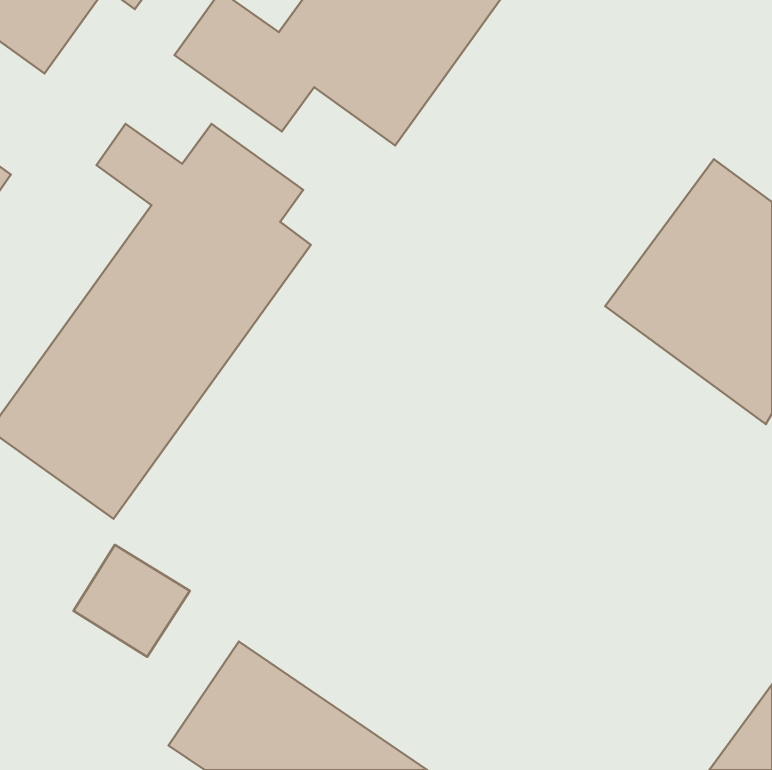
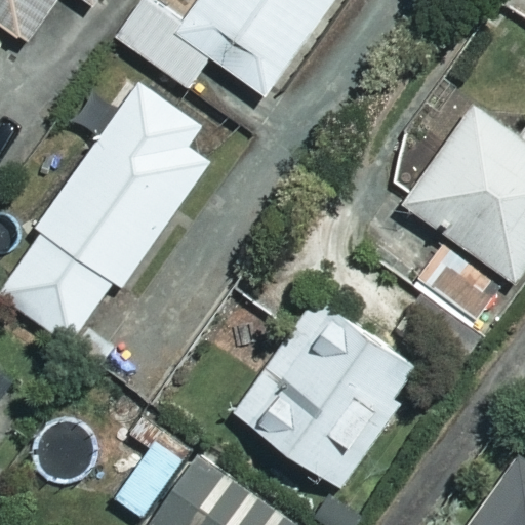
building: none -> [232,299,404,492]

